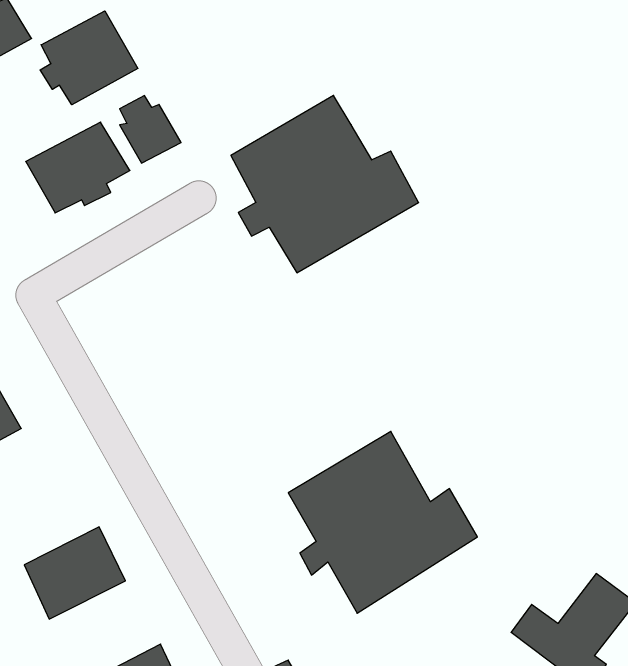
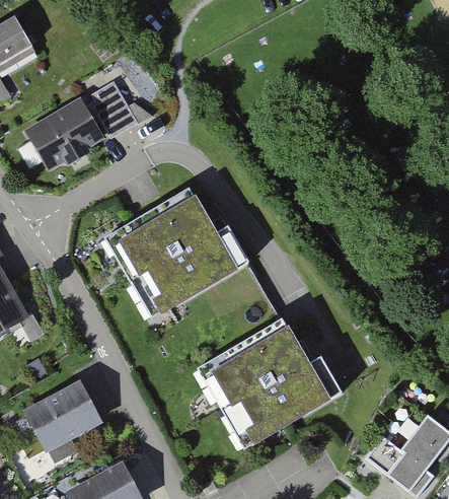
building: [40,11,138,105] -> none
building: [231,95,419,273] -> [120,190,249,312]

